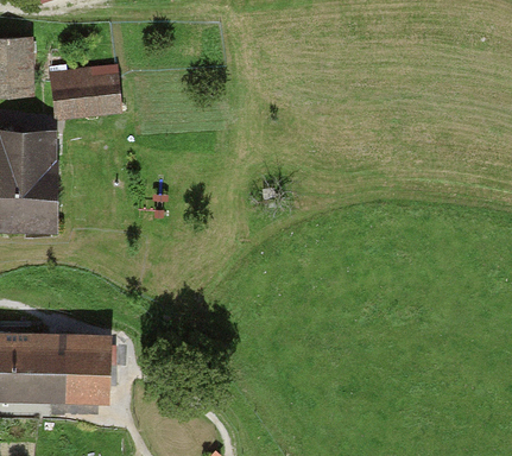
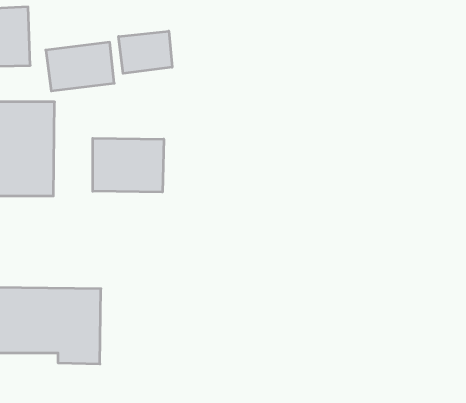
building: none -> [119,31,172,73]
building: none -> [93,138,164,192]

